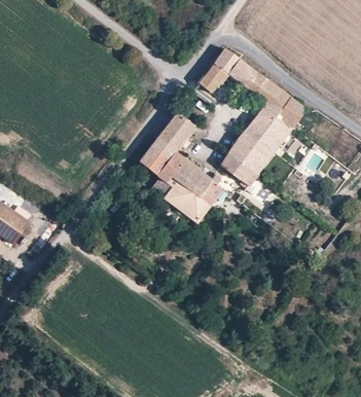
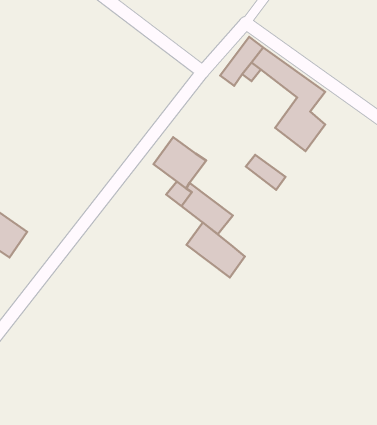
building: [278,98,305,127] -> none
building: [157,113,194,152] -> none
building: [229,130,274,173] -> none
building: [172,158,223,207] -> [187,223,245,277]

